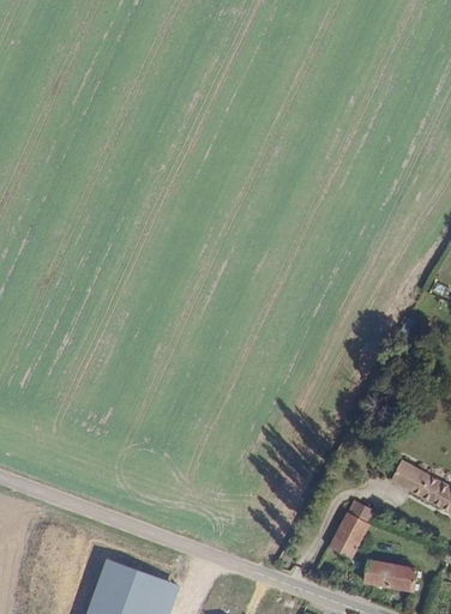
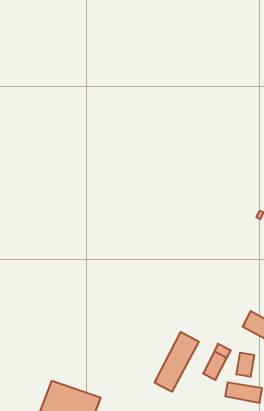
building: none -> [155,332,199,392]
building: none -> [236,353,254,377]

